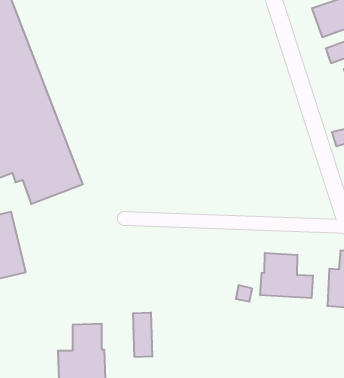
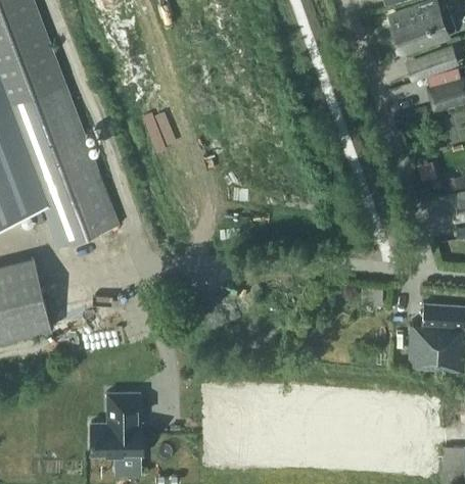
building: [260,253,313,298] -> none
building: [133,312,152,357] -> none

